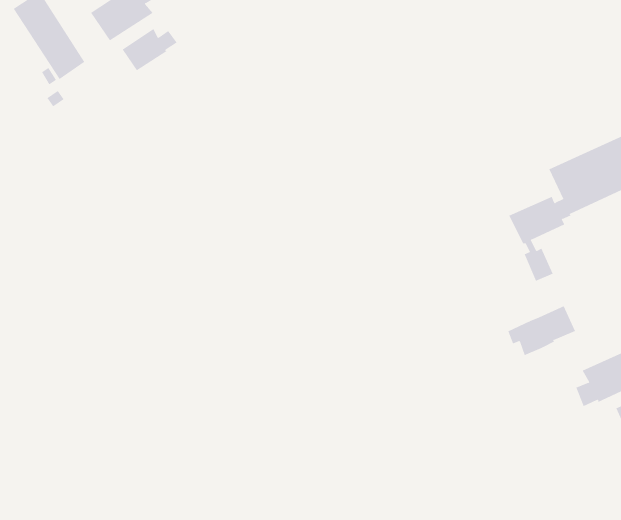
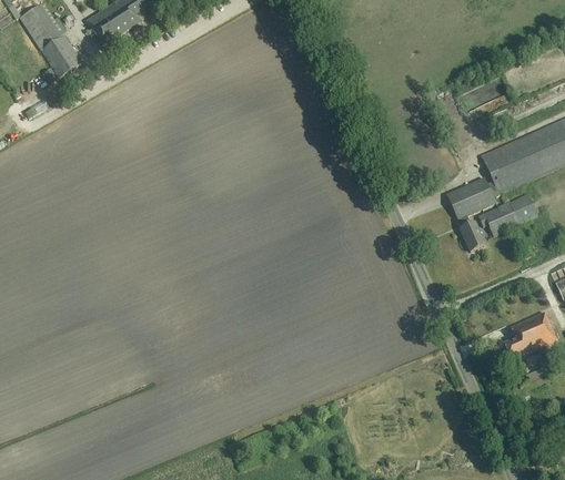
building: [122,28,177,71] -> none
building: [507,305,576,356] -> [478,193,537,236]

